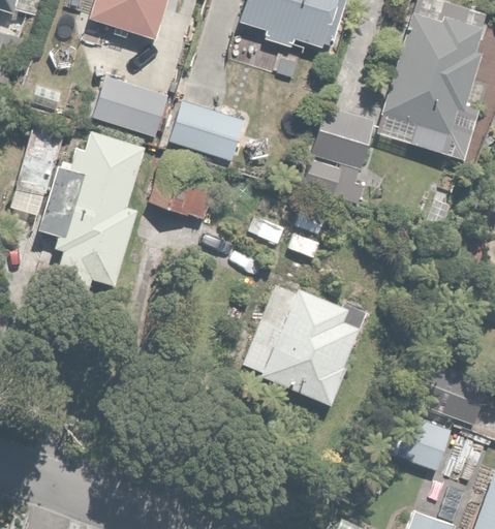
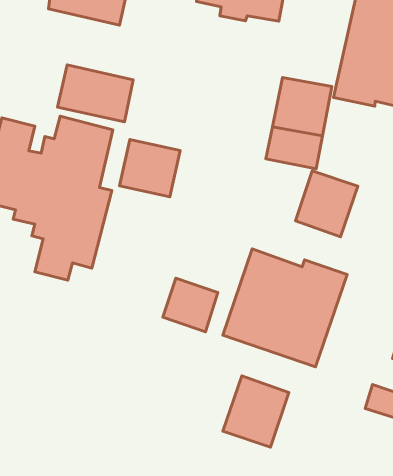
building: [168,98,246,161] -> none
building: none -> [295,171,358,237]
building: none -> [163,278,218,332]
building: none -> [223,376,289,447]

